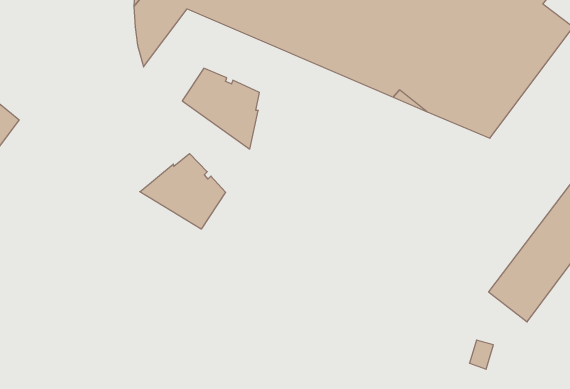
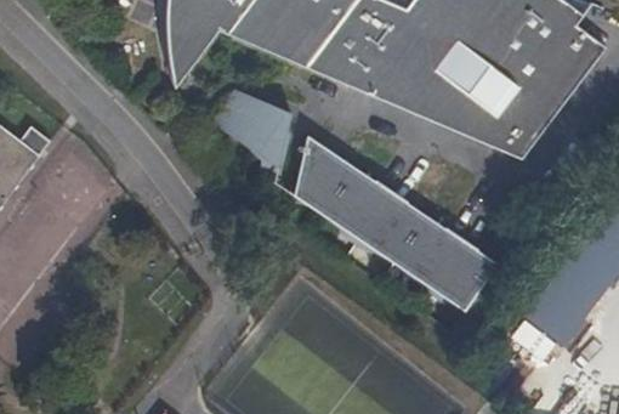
building: none -> [294,136,498,312]
building: [140,154,226,229] -> none

